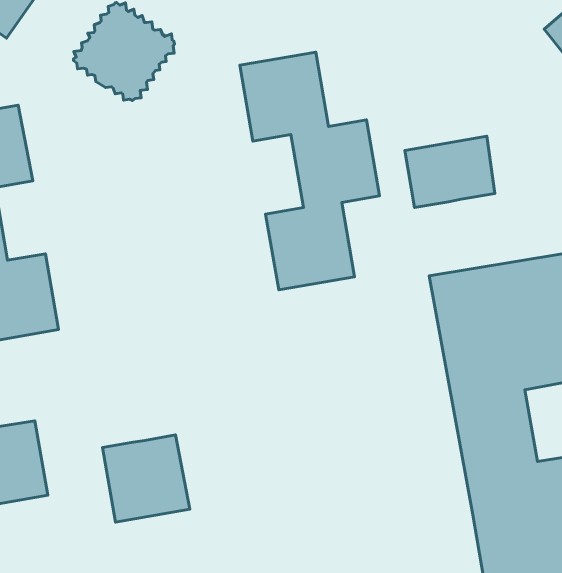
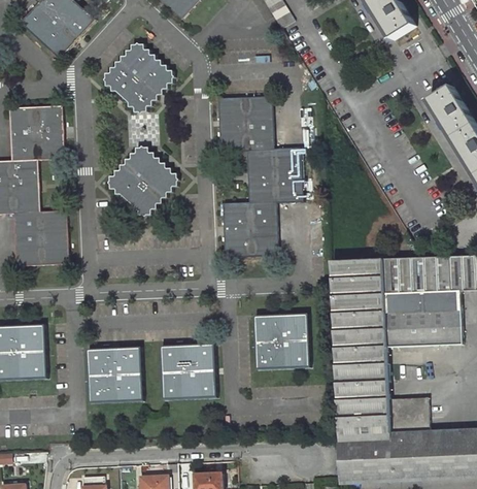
building: [405,136,495,207] -> none
building: none -> [106,145,178,216]
building: none -> [254,313,309,368]
building: none -> [161,343,215,398]

